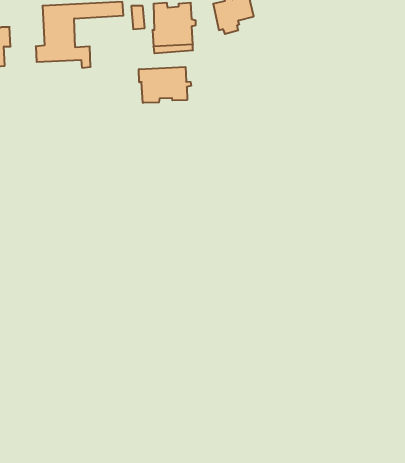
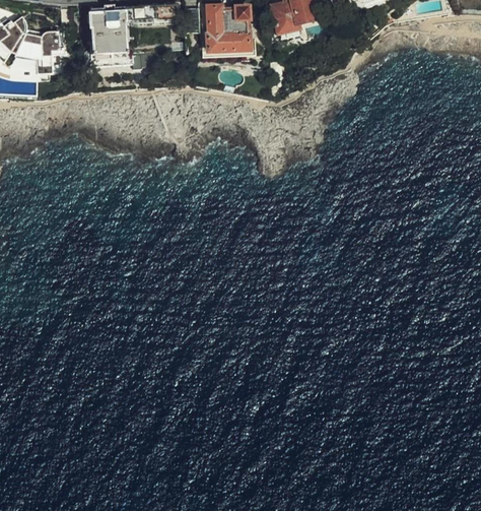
building: [139,67,191,103] -> none

